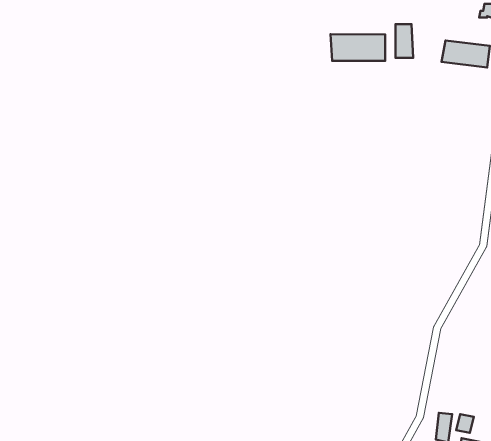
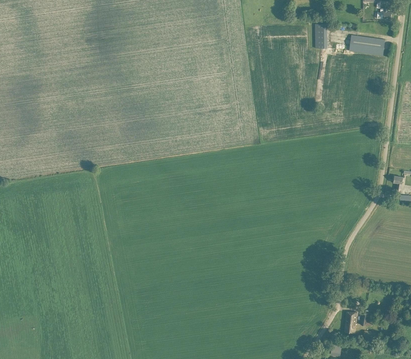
building: [331,34,385,61] -> none

